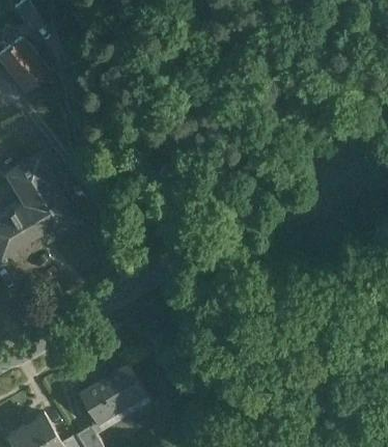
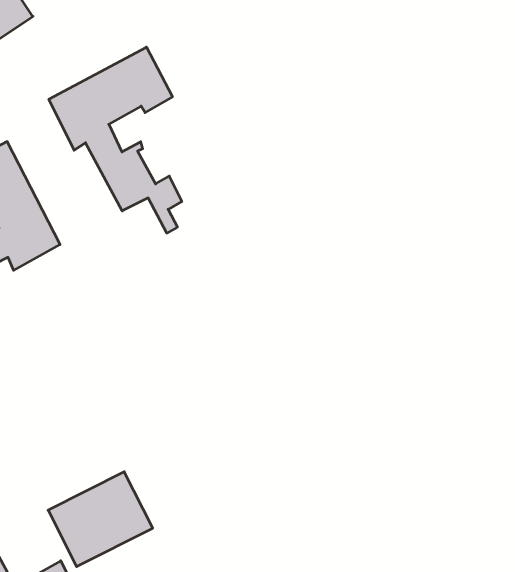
building: none -> [49,47,182,233]

